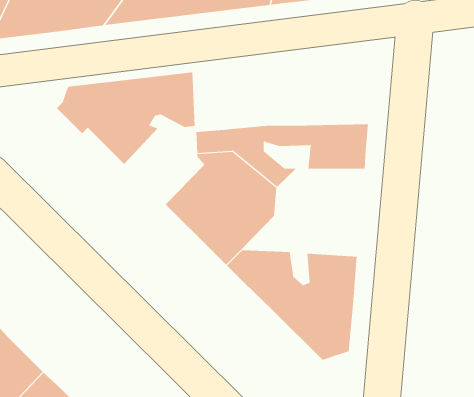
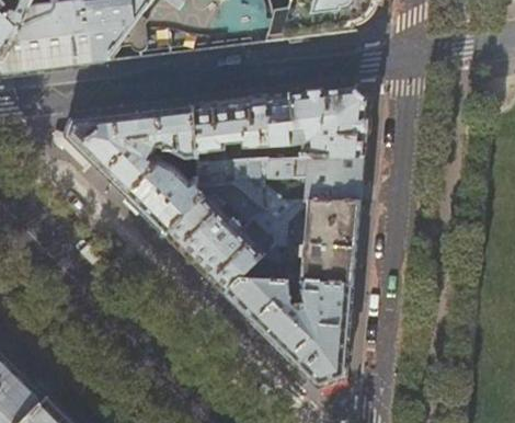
building: none -> [190,84,365,162]
building: none -> [123,159,199,232]
building: none -> [237,198,356,283]

